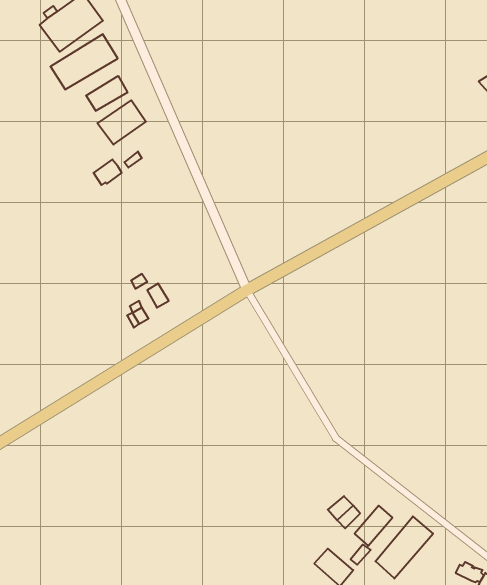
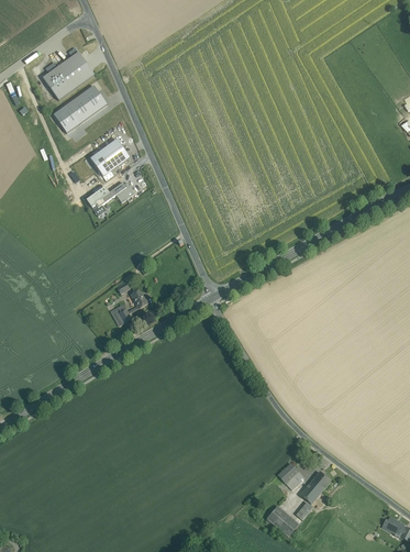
building: [86,76,127,111] -> none
building: [375,516,433,579] -> none

